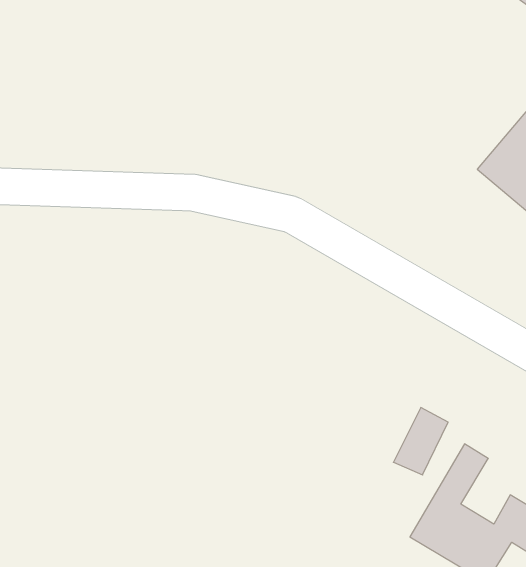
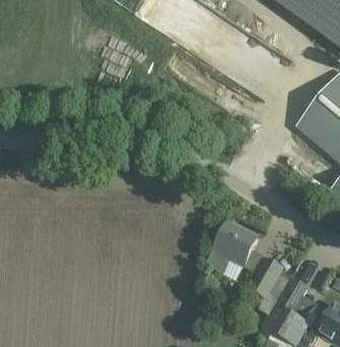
building: none -> [207,221,258,276]

